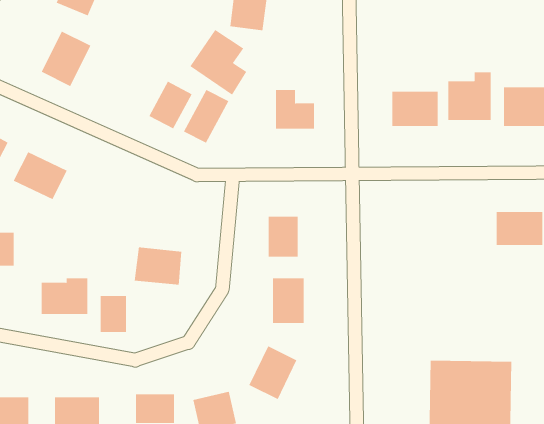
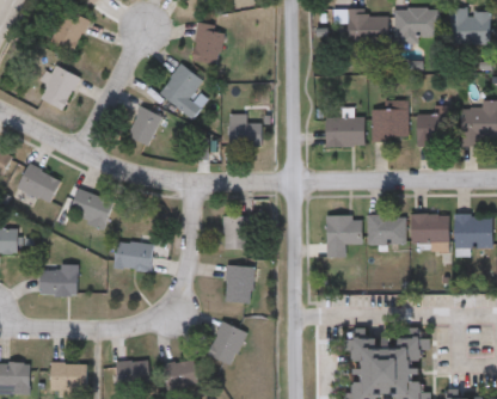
building: [183,89,229,144] -> none
building: none -> [72,190,113,232]
building: none -> [325,214,360,257]
building: none -> [366,214,404,243]
building: [100,295,126,333] -> none

